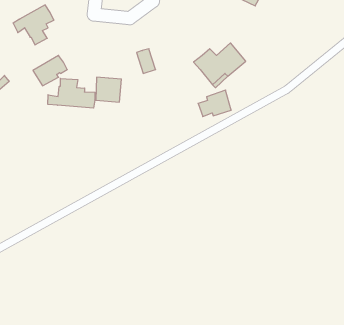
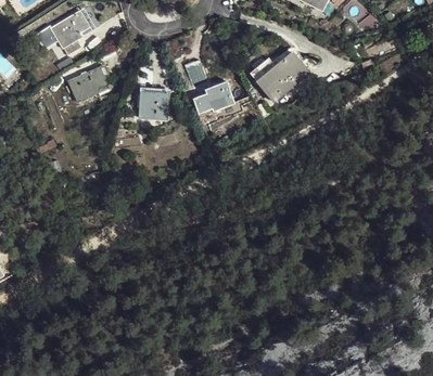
building: [48,78,95,108] -> none
building: [198,90,231,117] -> [195,82,233,113]

